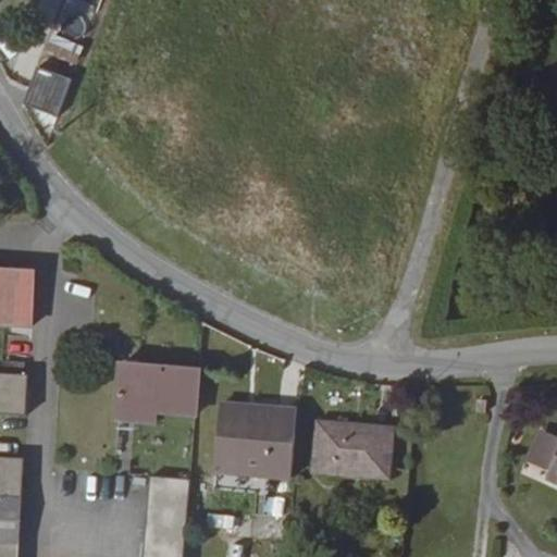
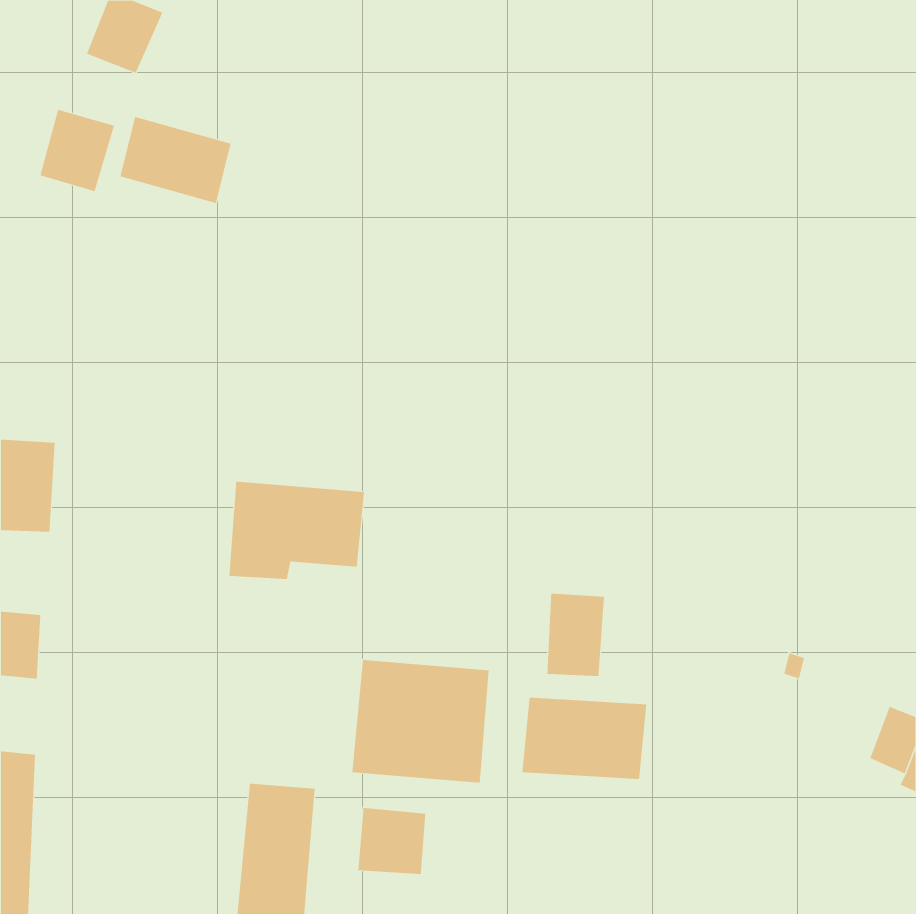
building: none -> [120,116,231,204]
building: none -> [547,593,605,677]
building: [115,363,198,423] -> [228,481,365,580]
building: none -> [358,807,426,875]

